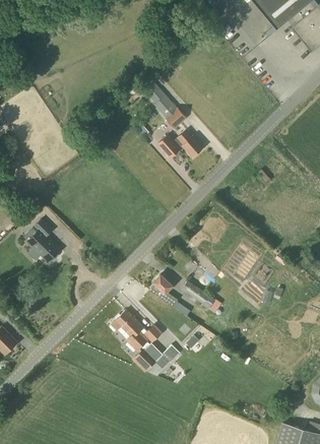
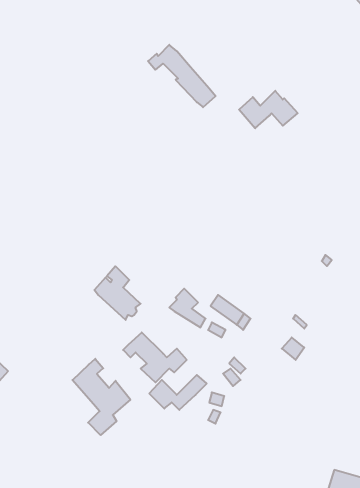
building: [157,128,205,158] -> [239,91,298,128]
building: [24,218,62,262] -> [94,266,141,320]
building: none -> [72,359,130,435]

